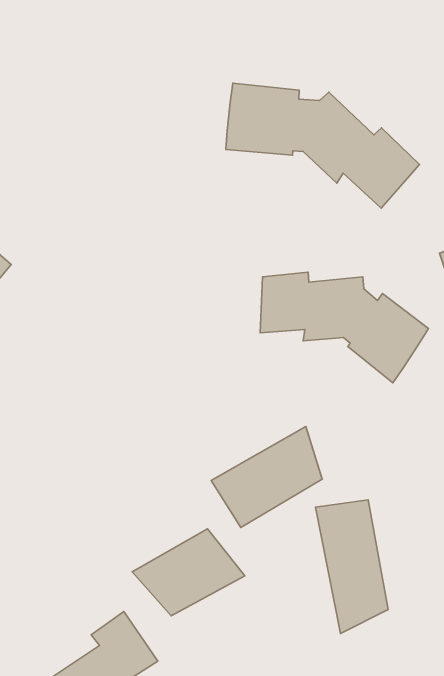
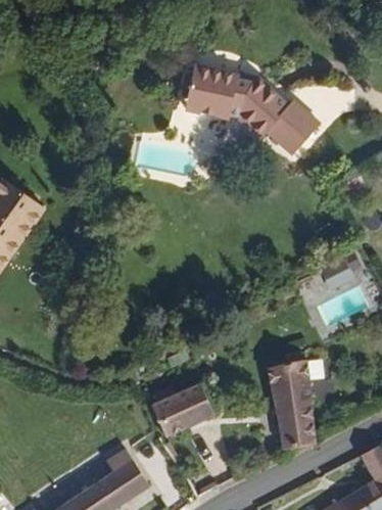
building: [260,272,428,383] -> none
building: [211,427,322,528] -> none

